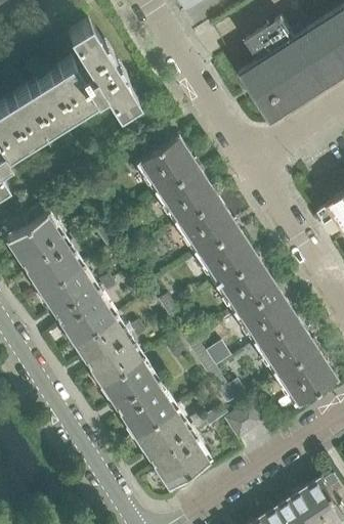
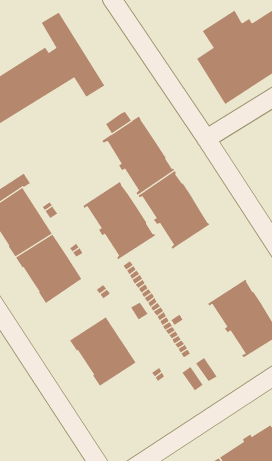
building: [215,258,297,346] -> [82,181,156,260]
building: [74,318,141,387] -> none
building: [134,411,209,489] -> none

